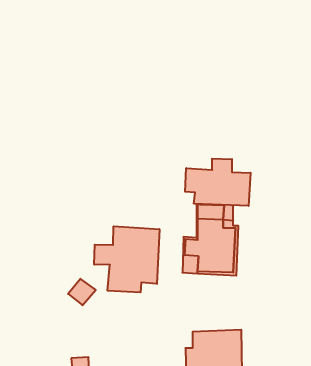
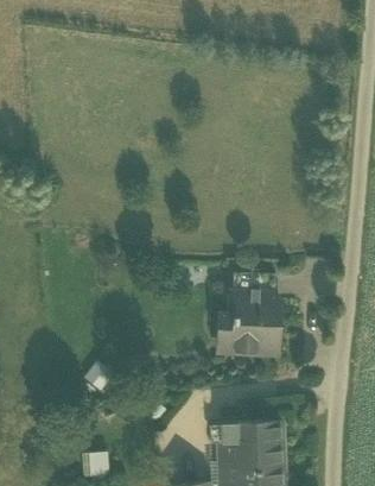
building: [185,159,251,206] -> none
building: [94,226,159,292] -> none

